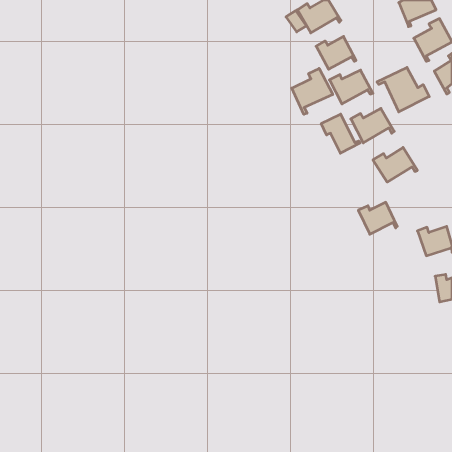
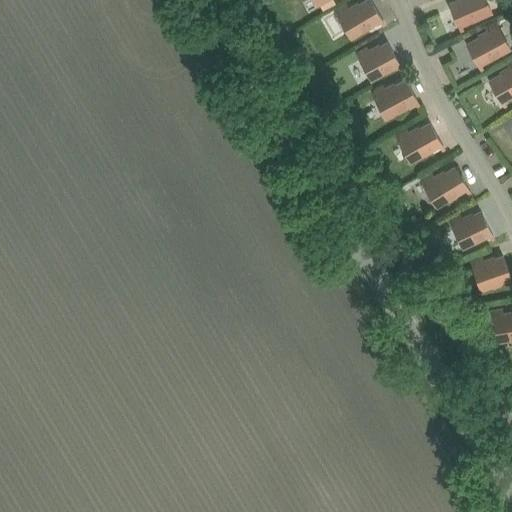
building: [377,67,429,112] -> none
building: [292,68,333,114] -> none
building: [321,114,360,153] -> none
building: [358,202,397,234] -> [449,212,493,248]

